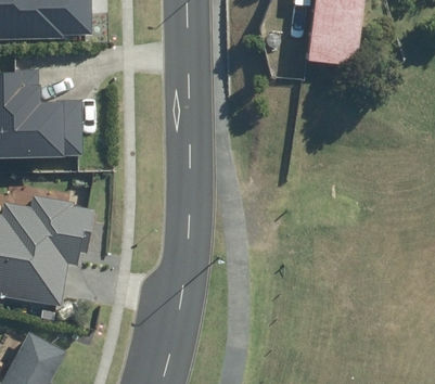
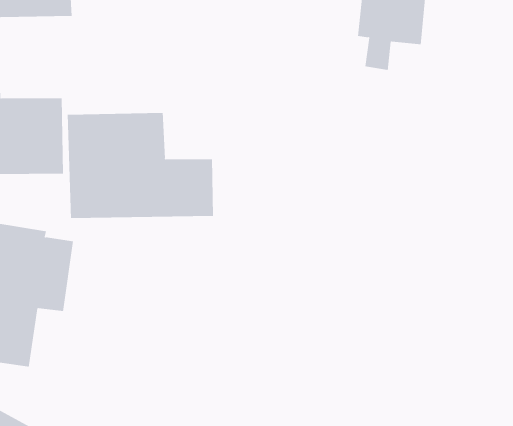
building: none -> [67,112,214,219]

